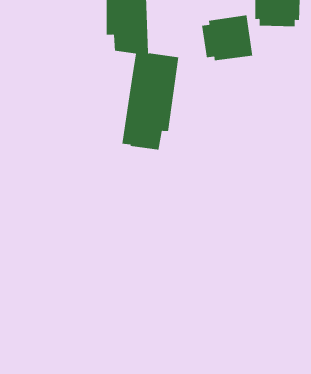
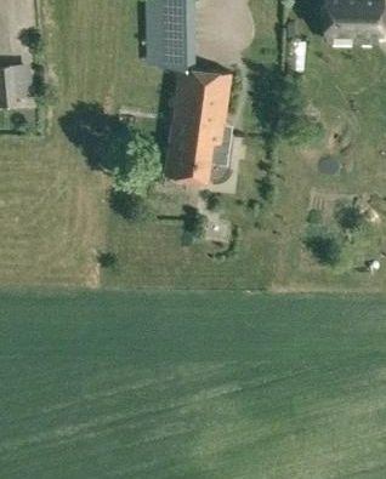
building: [201,14,253,61] -> none

